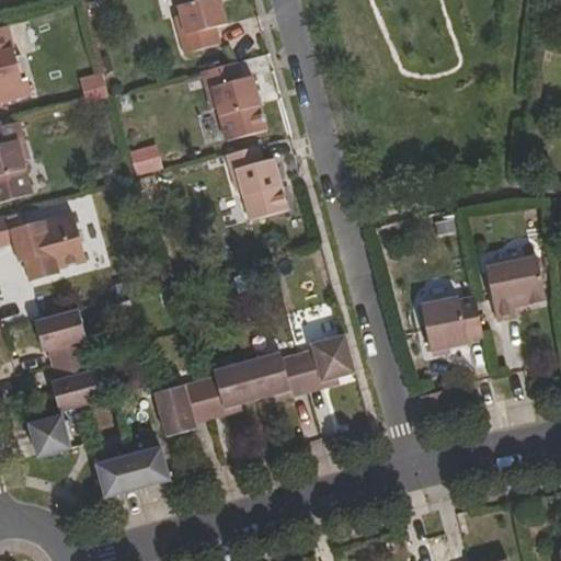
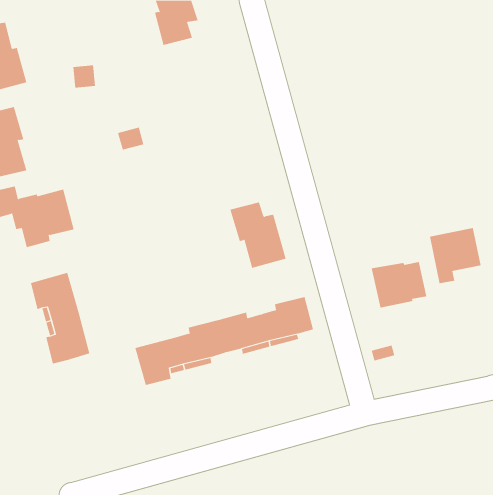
building: [201,60,264,137] -> none
building: [225,145,289,220] -> [229,202,287,269]
building: [28,415,70,457] -> none
building: [95,446,170,497] -> none

